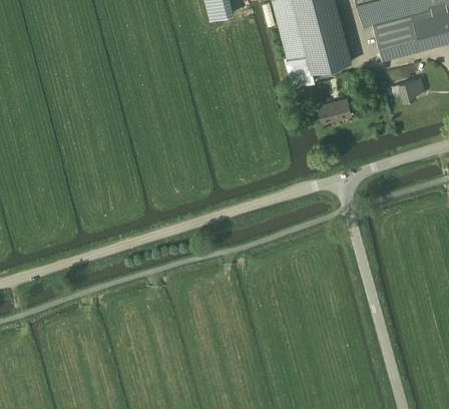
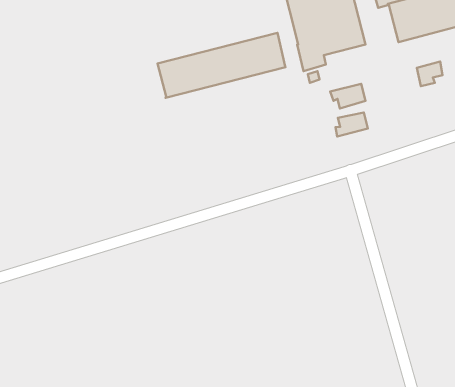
building: none -> [157,33,286,98]
building: none -> [336,112,368,137]

